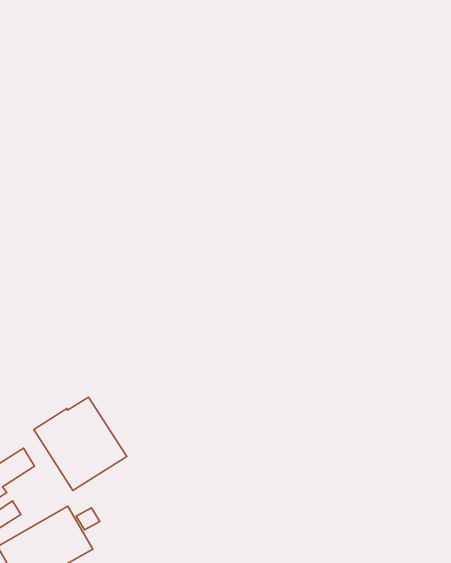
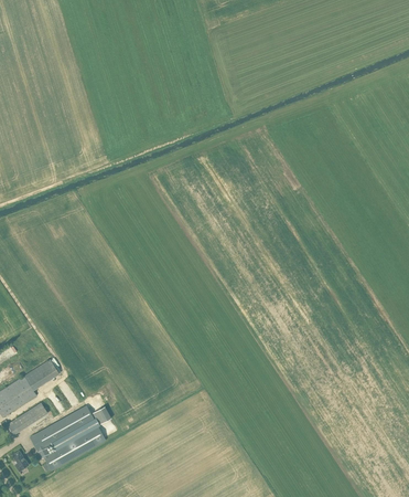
building: [34,397,127,490] -> none

